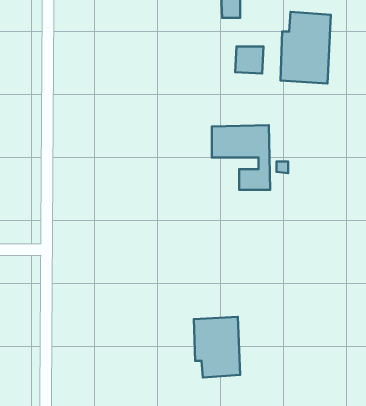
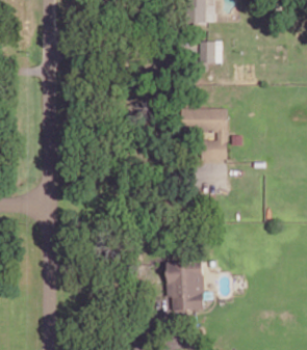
building: [280,12,331,83] -> none

